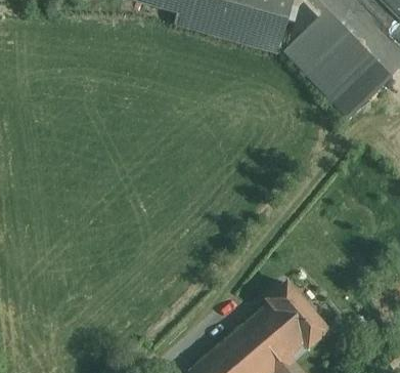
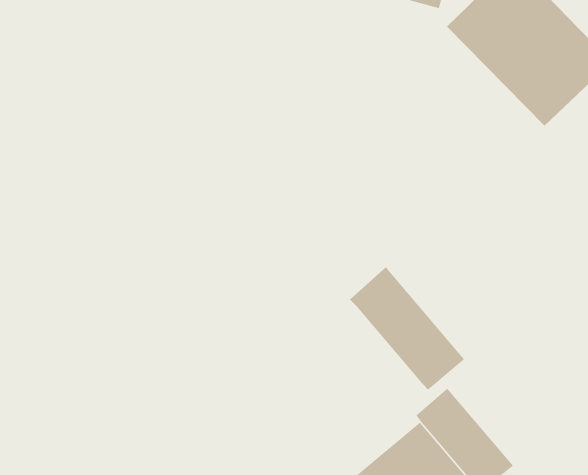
building: none -> [349,266,465,390]

